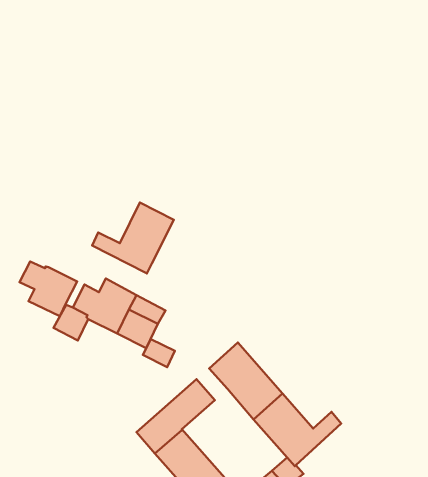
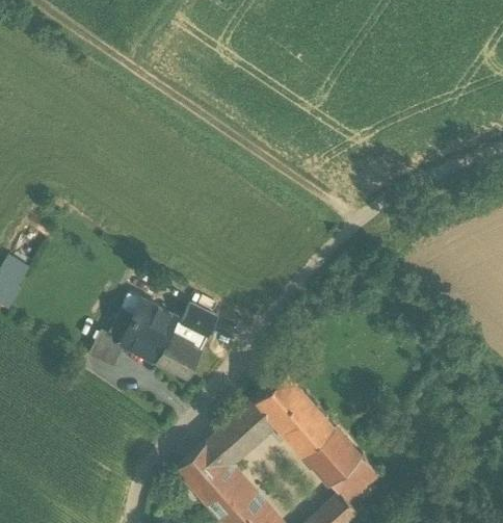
building: [92,203,174,274] -> none
building: [20,261,77,316] -> none
building: [143,339,175,367] -> [182,307,216,337]
building: none -> [241,399,274,434]

